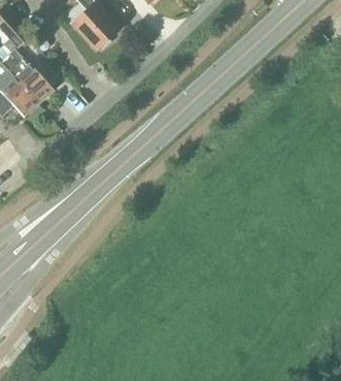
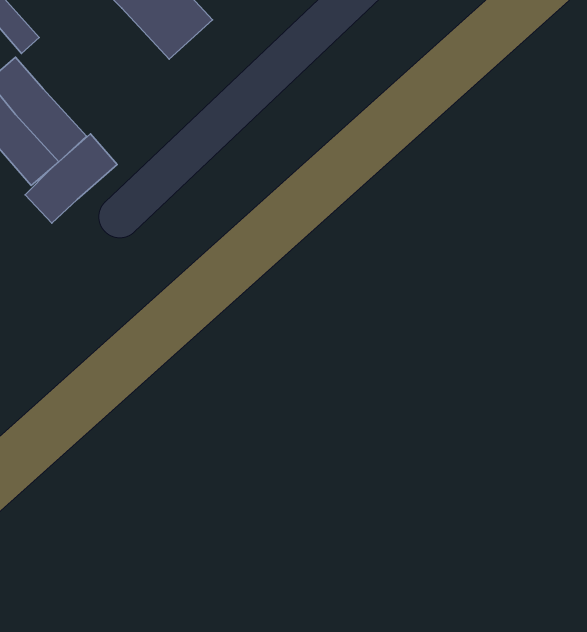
building: none -> [25,134,117,223]

